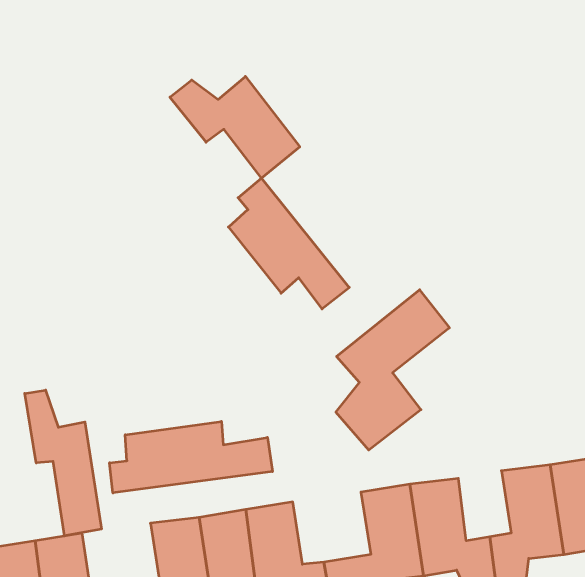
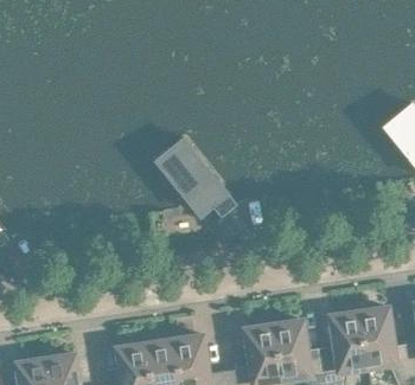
building: [170,76,300,178] -> none
building: [336,290,449,450] -> none
building: [25,390,101,536] -> none
building: [110,421,272,493] -> none

